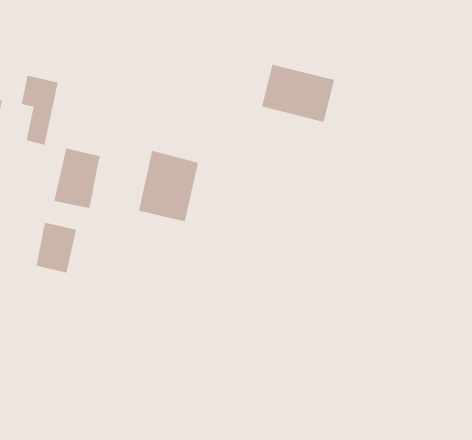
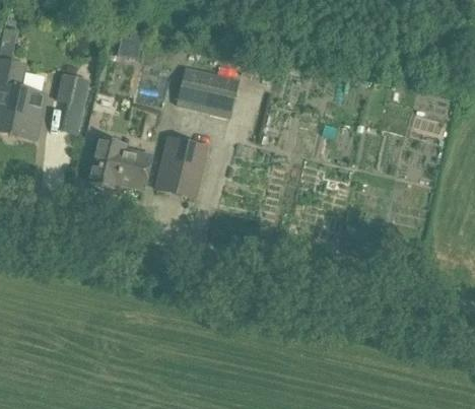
building: [261,64,335,122] -> [176,64,237,113]
building: [36,222,77,273] -> [117,147,151,190]

